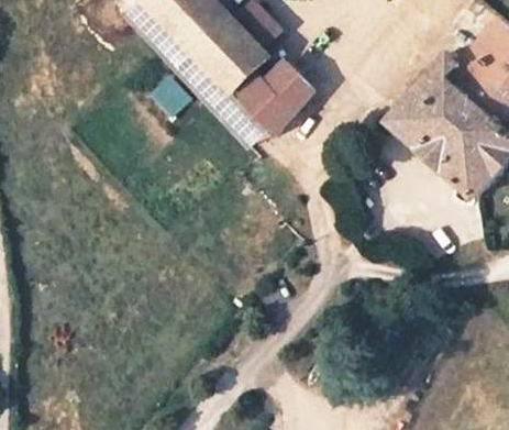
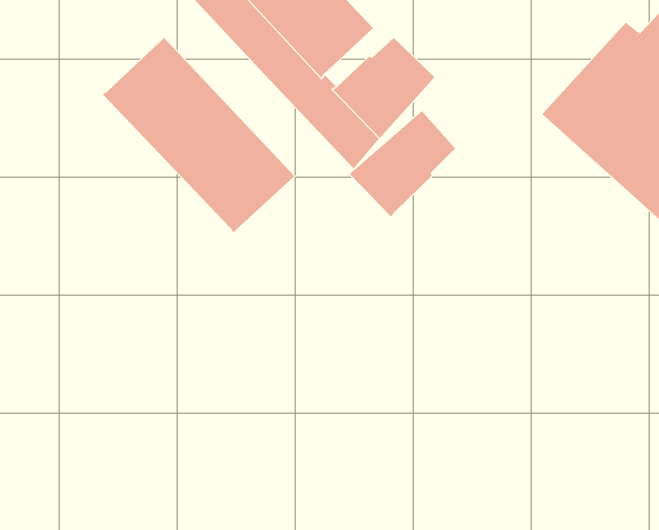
building: none -> [102,37,295,233]
building: none -> [349,110,456,217]

